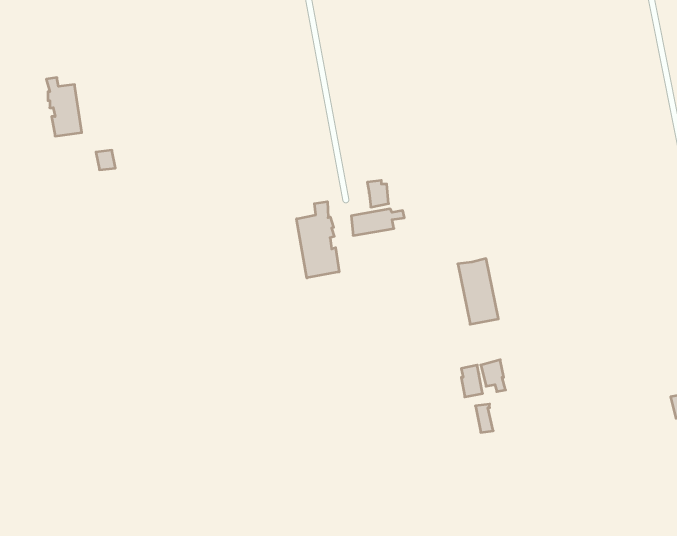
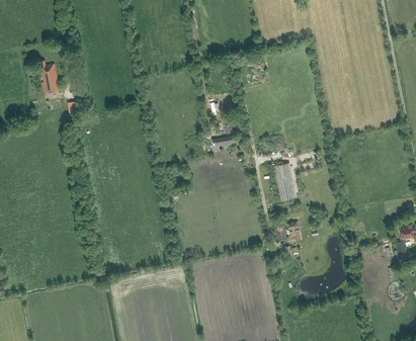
building: [297,202,339,278] -> none

